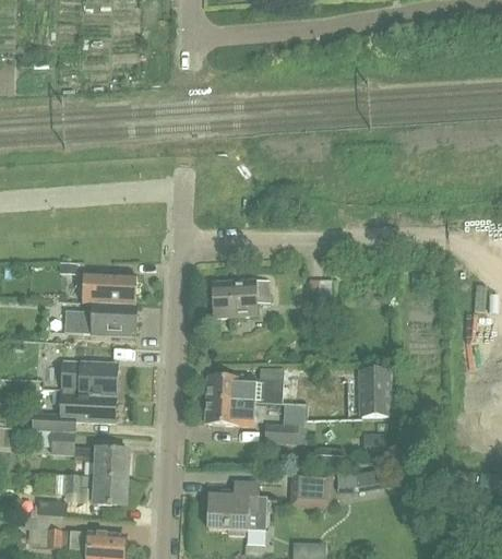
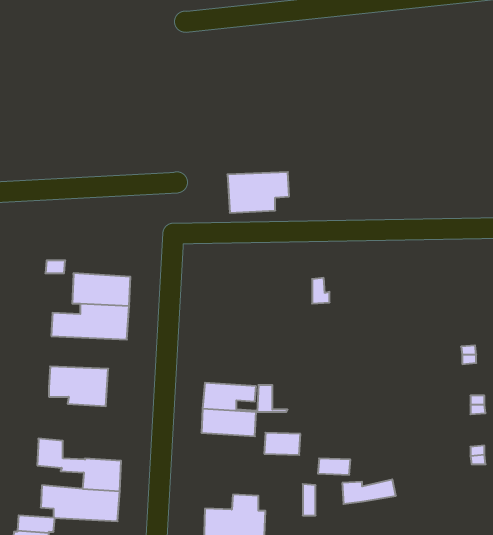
building: [211,278,268,317] -> [227,172,289,213]
building: [358,368,391,417] -> none
building: [31,389,115,430] -> none

